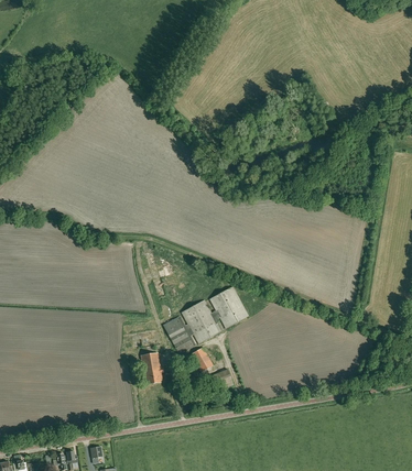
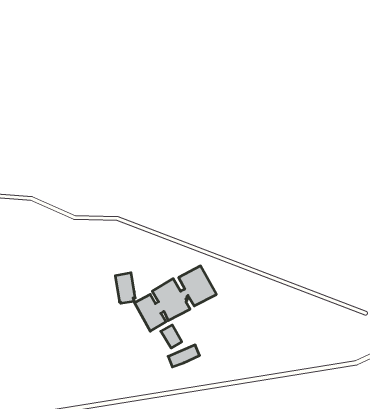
building: [141,352,162,384] -> [115,273,135,303]

